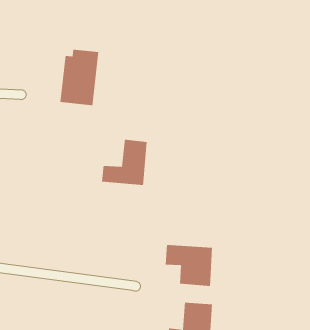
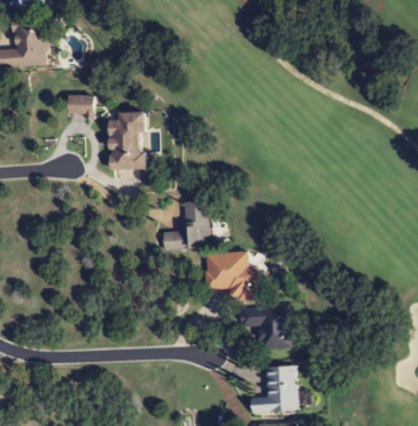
building: none -> [67,95,93,115]
building: none -> [205,252,260,300]

